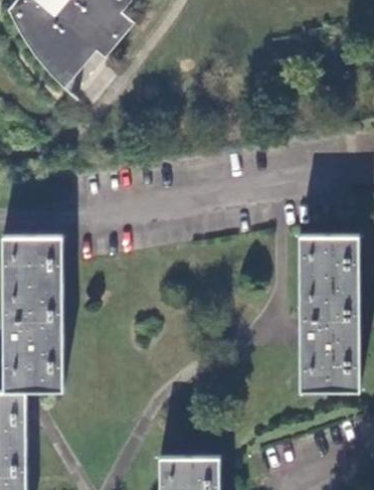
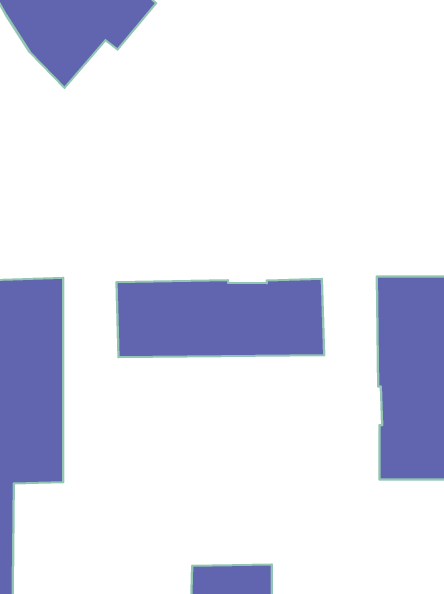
building: none -> [116,279,324,357]

